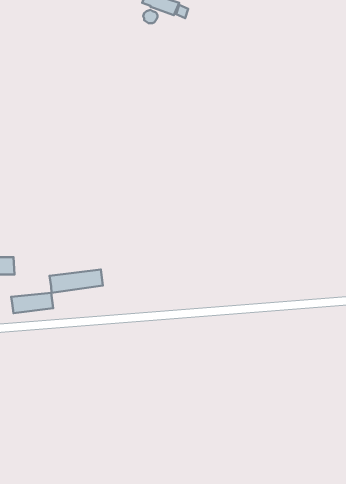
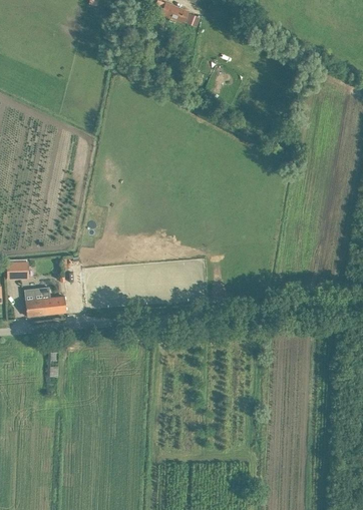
building: [49,269,103,293] -> none

